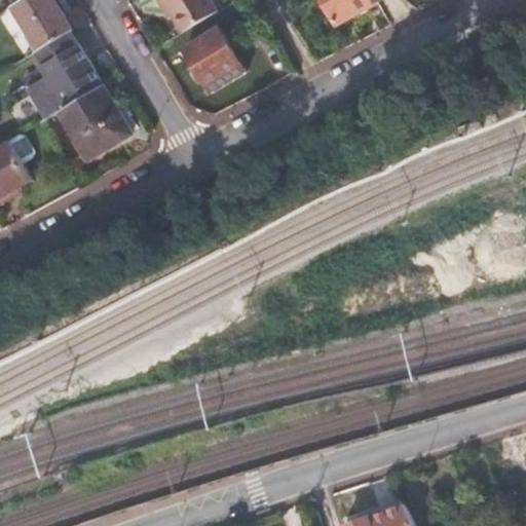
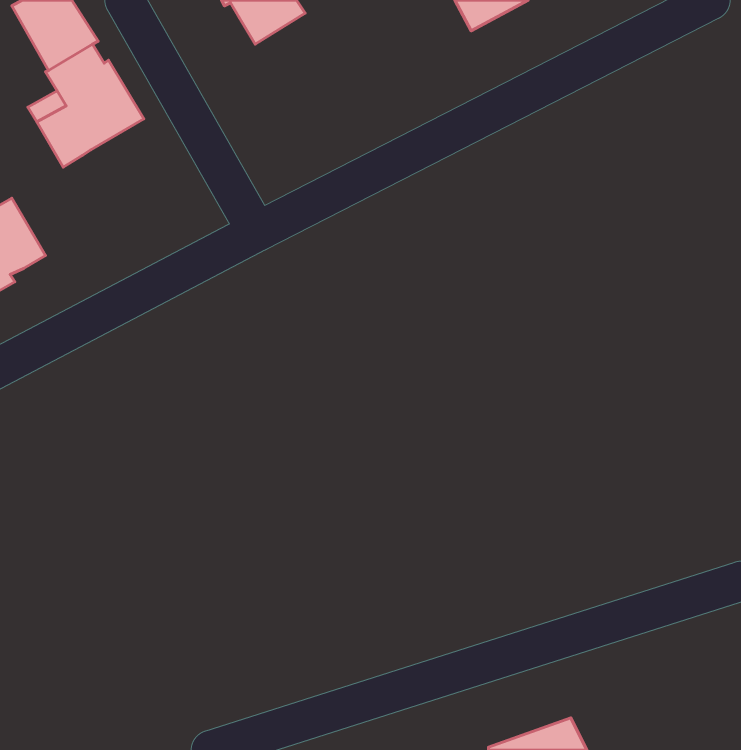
building: [182,27,242,92] -> none
building: [58,83,129,157] -> none

